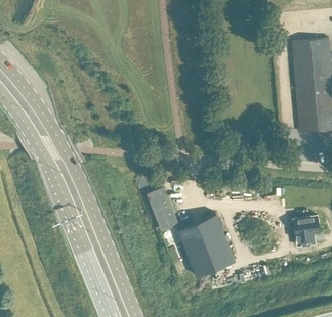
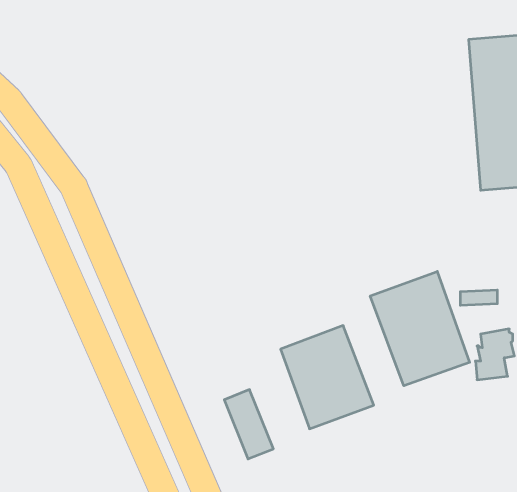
building: none -> [370,271,470,386]
building: [148,188,177,230] -> [224,390,273,459]

